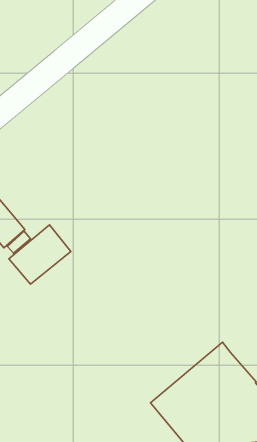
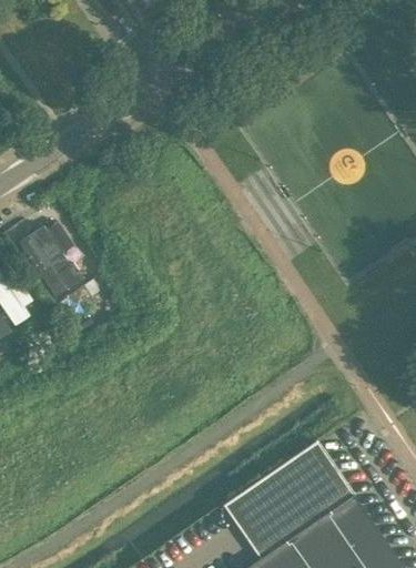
building: [9,225,71,284] -> none

